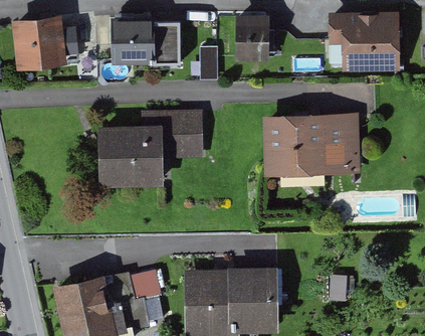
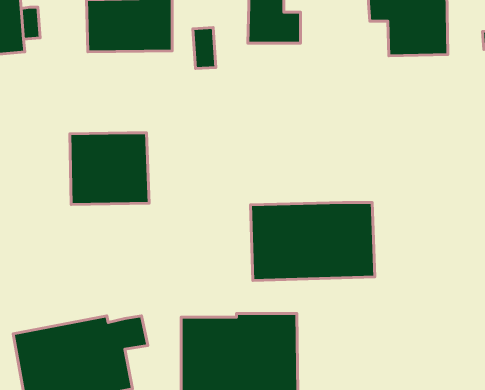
building: [144,112,204,156] -> none
building: [262,114,360,175] -> [250,202,375,281]

